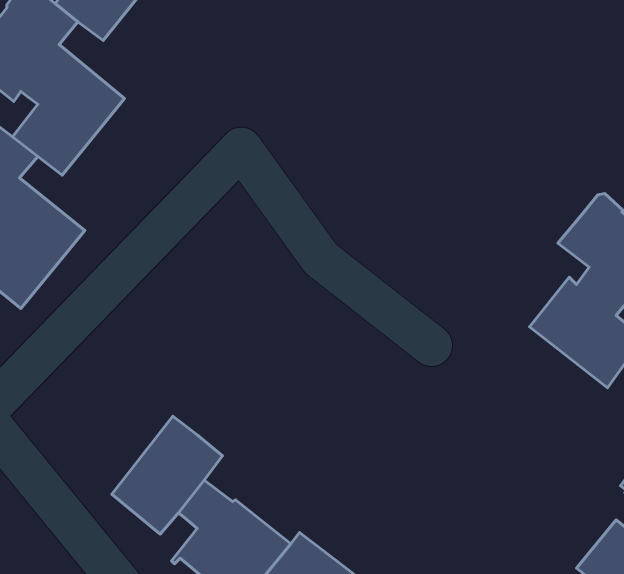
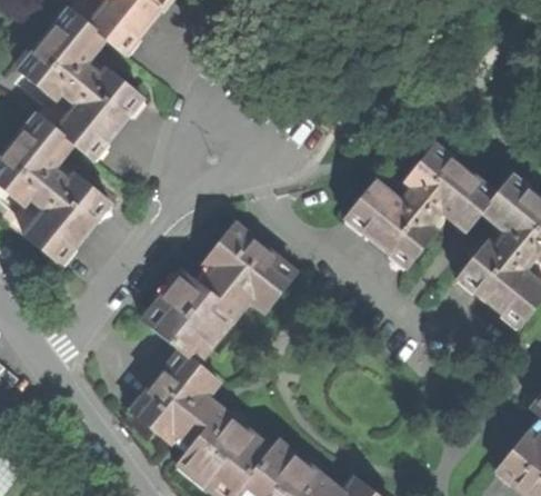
building: none -> [347,145,499,269]
building: none -> [143,222,297,364]

